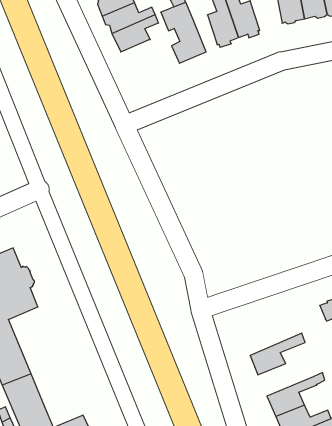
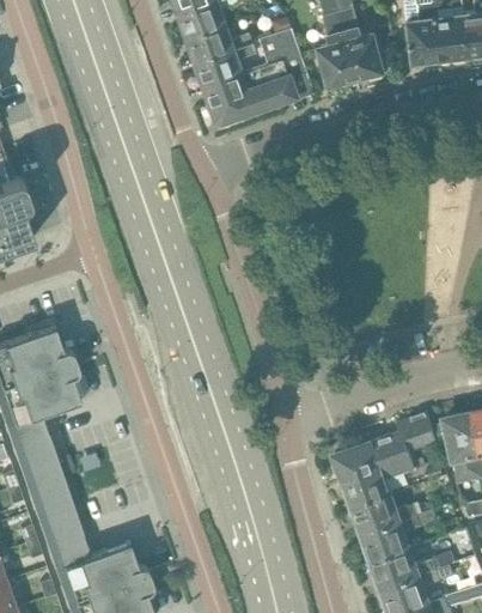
building: none -> [206,62,281,122]
building: none -> [334,413,435,481]
building: none -> [352,493,421,534]

